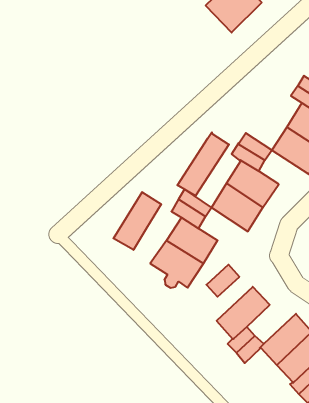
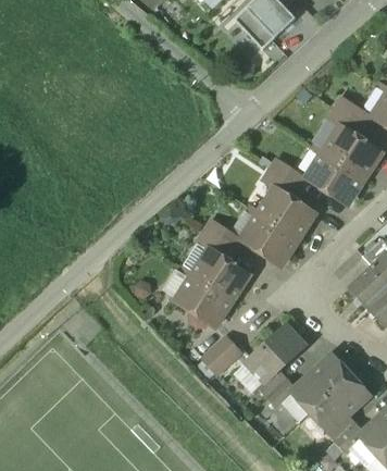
building: [177,132,229,196] -> none
building: [113,192,161,250] -> none
building: [206,265,239,297] -> [203,338,239,373]

